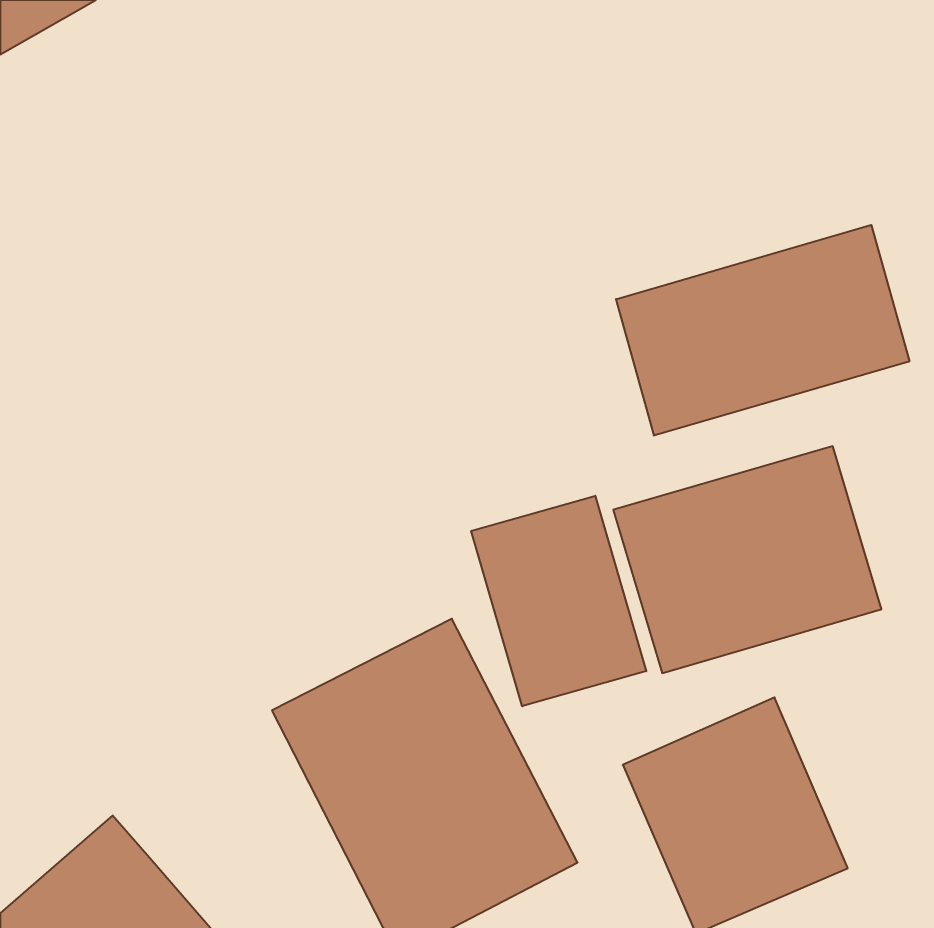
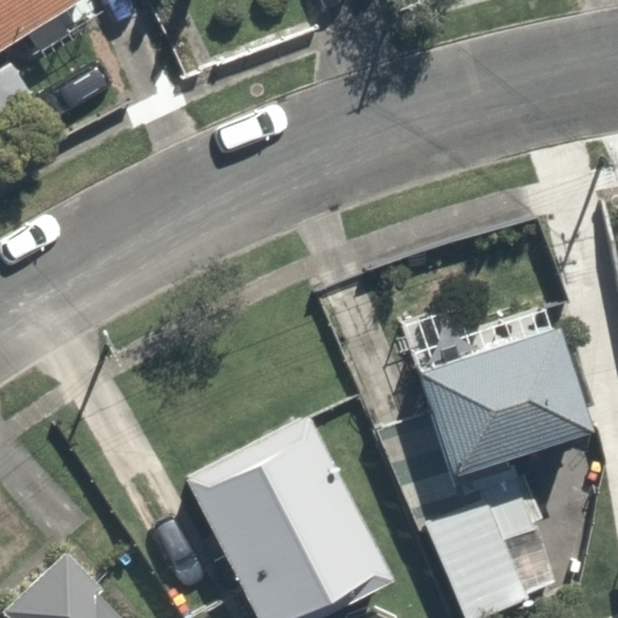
building: [616,225,909,436] -> none
building: [471,496,646,706] -> none

